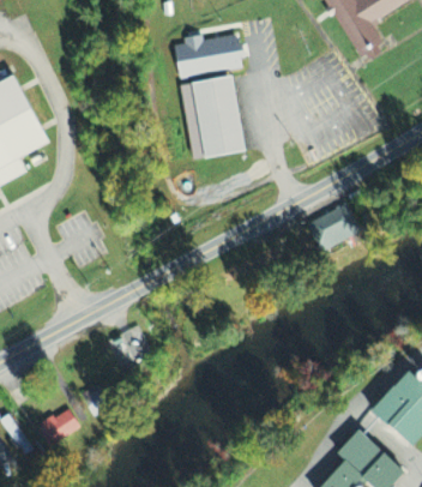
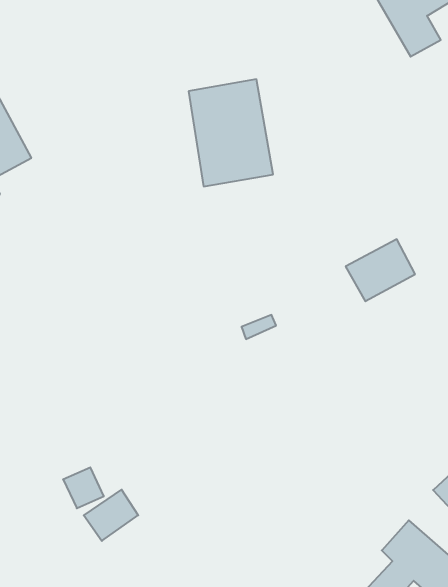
building: [175,35,245,80] -> none
building: [108,329,150,371] -> none
building: [37,408,80,449] -> [84,490,138,541]

